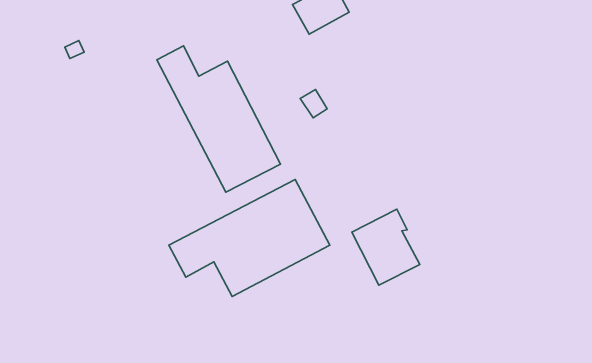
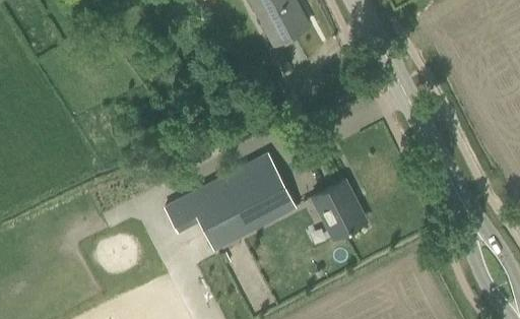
building: [157,46,281,192] -> none

